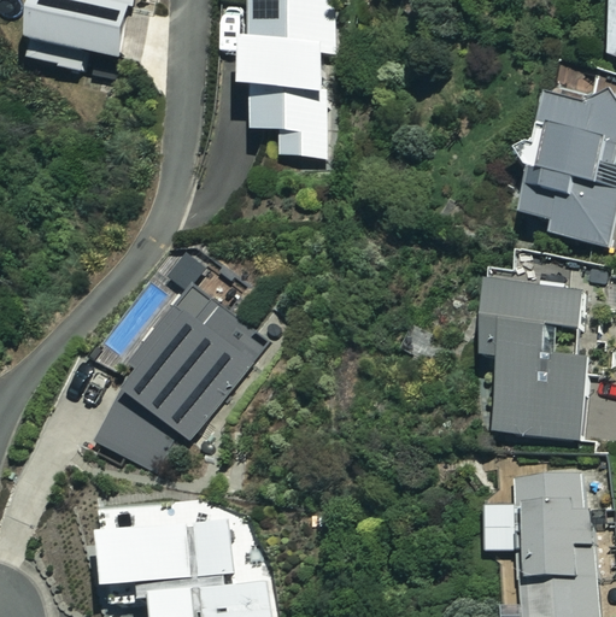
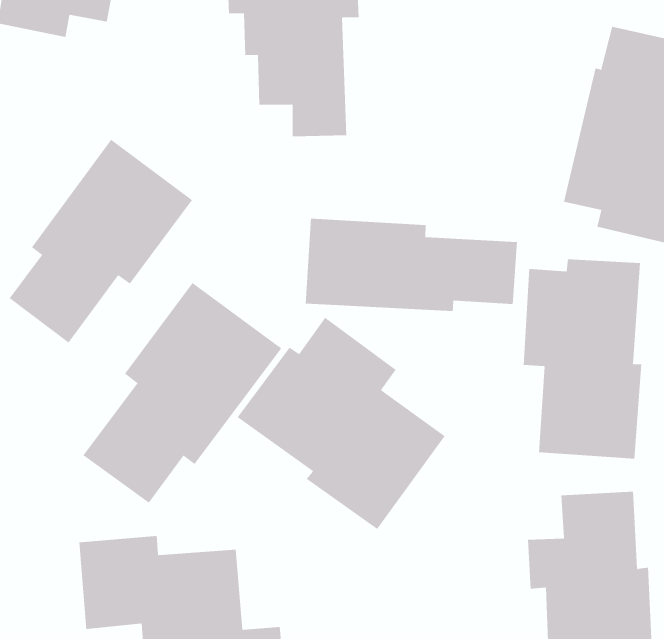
building: none -> [9,139,193,344]
building: none -> [305,218,518,312]
building: none -> [237,317,445,530]

